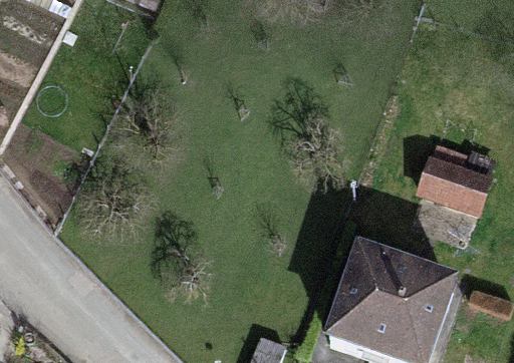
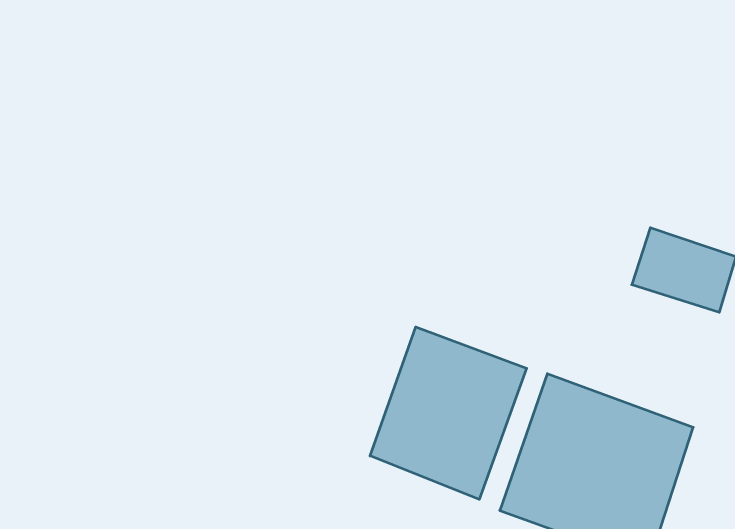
building: none -> [370,327,527,499]

